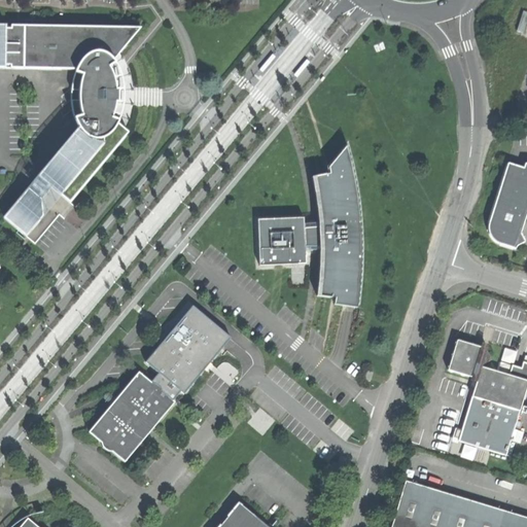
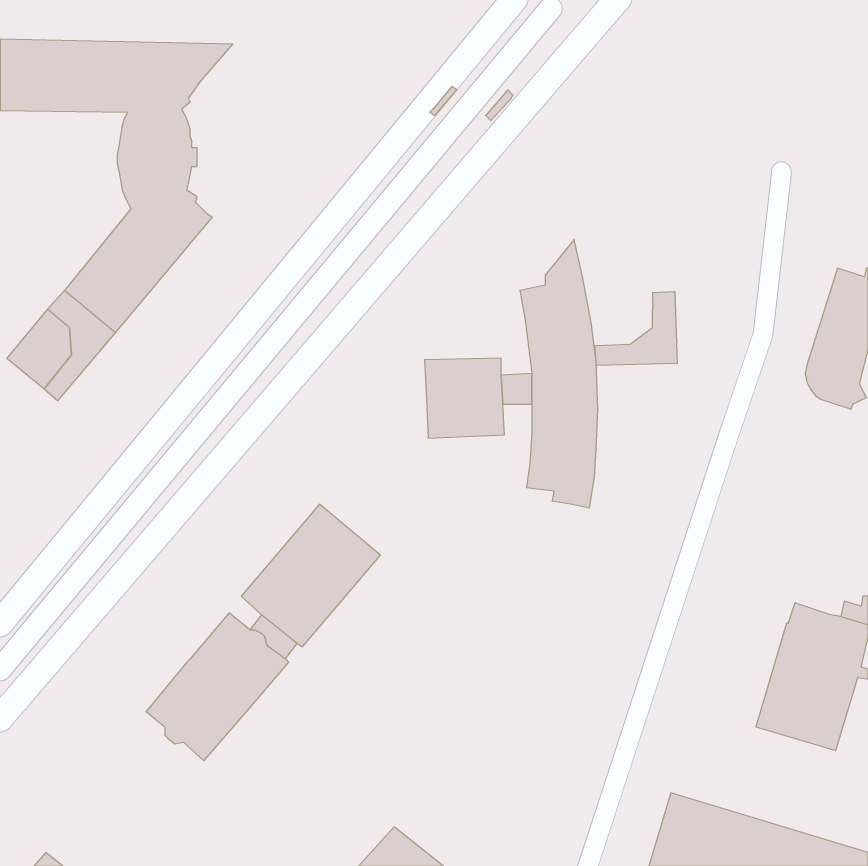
building: none -> [595,292,677,366]
building: [447,339,491,378] -> none

